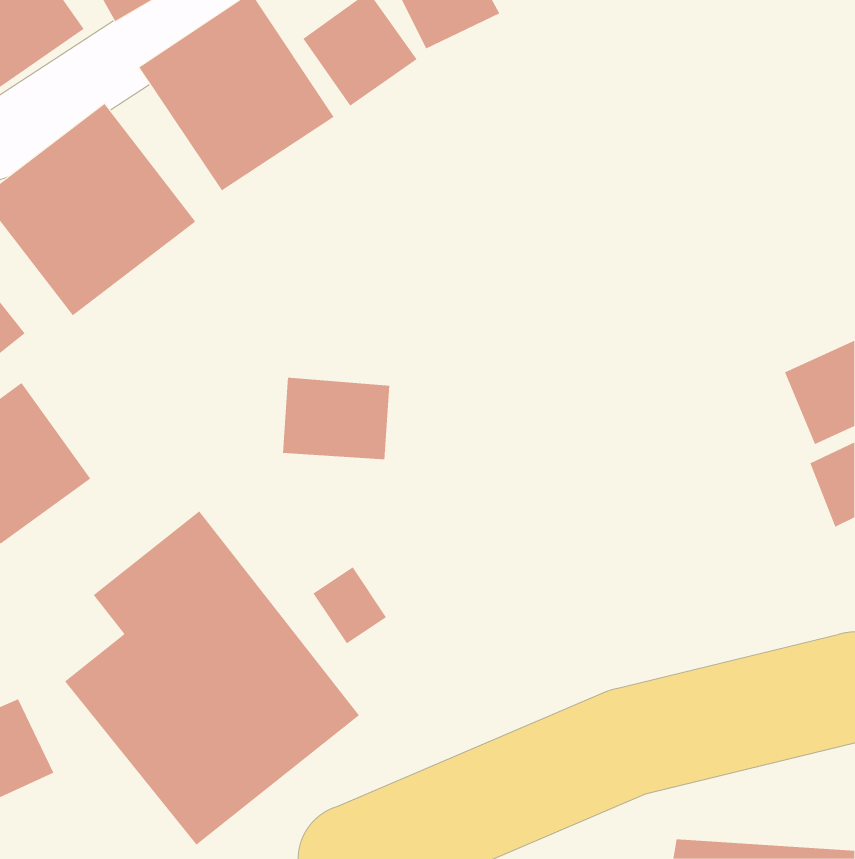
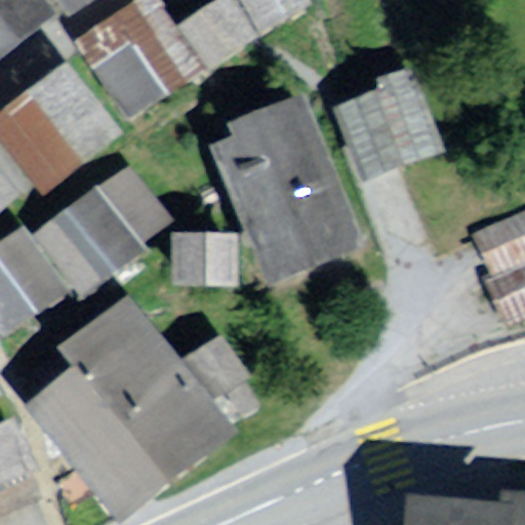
building: none -> [339,80,436,180]
building: none -> [219,103,352,267]
building: none -> [42,166,166,284]

